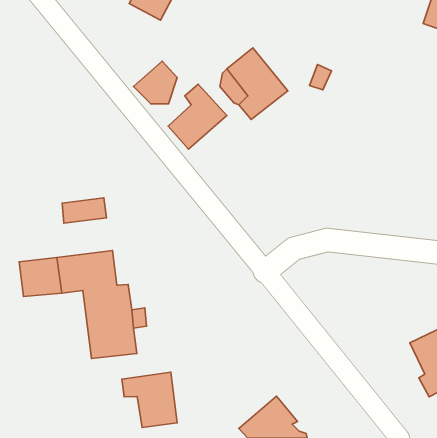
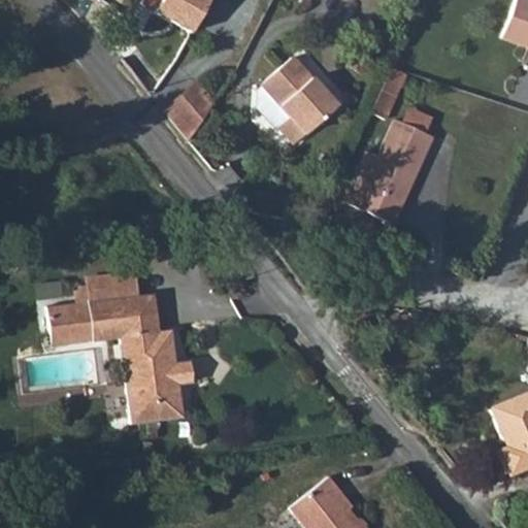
building: [168,84,227,149] -> none
building: none -> [348,111,438,216]
building: [62,198,107,223] -> [75,274,128,304]
building: [122,372,177,428] -> none

